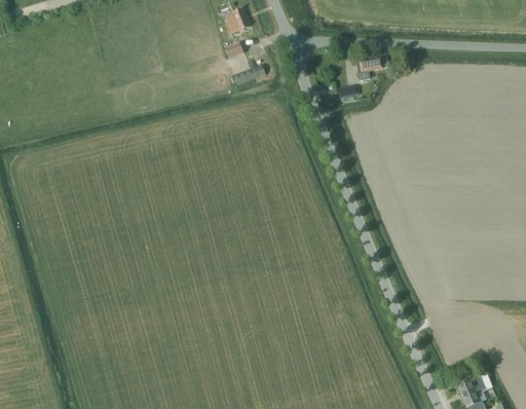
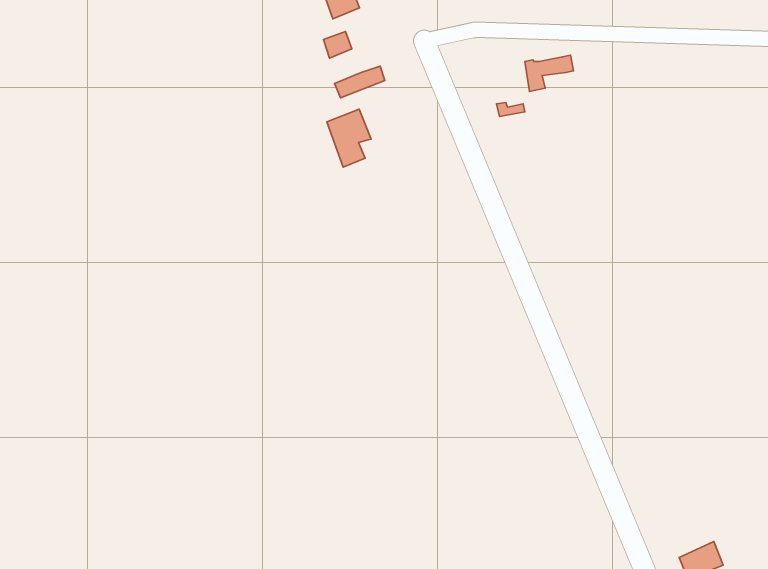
building: none -> [327,109,371,167]

